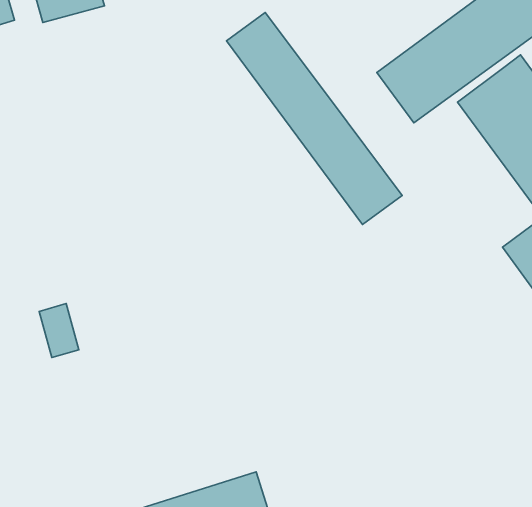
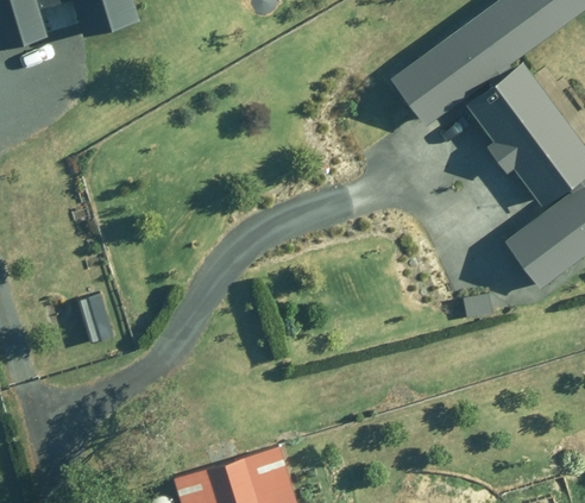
building: [227,12,402,224] -> none

